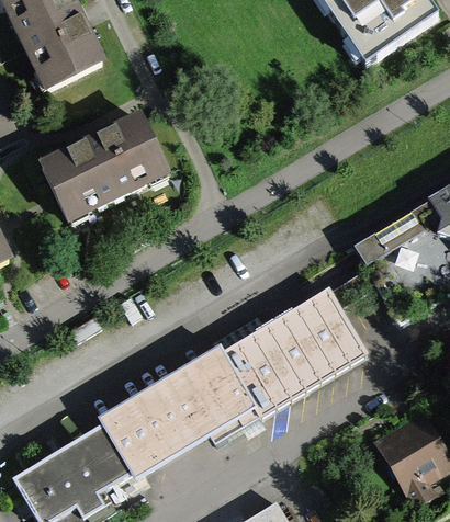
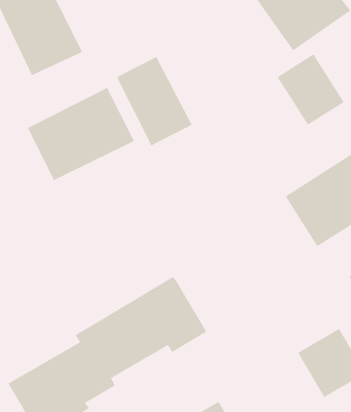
building: none -> [277,54,344,125]
building: none -> [116,56,193,146]
building: [224,287,367,413] -> none

